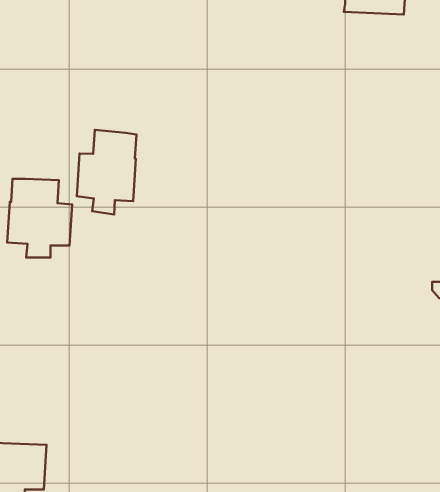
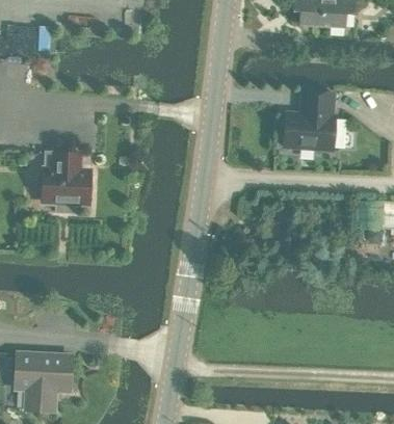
building: none -> [284,90,335,150]
building: [77,130,136,214] -> none

